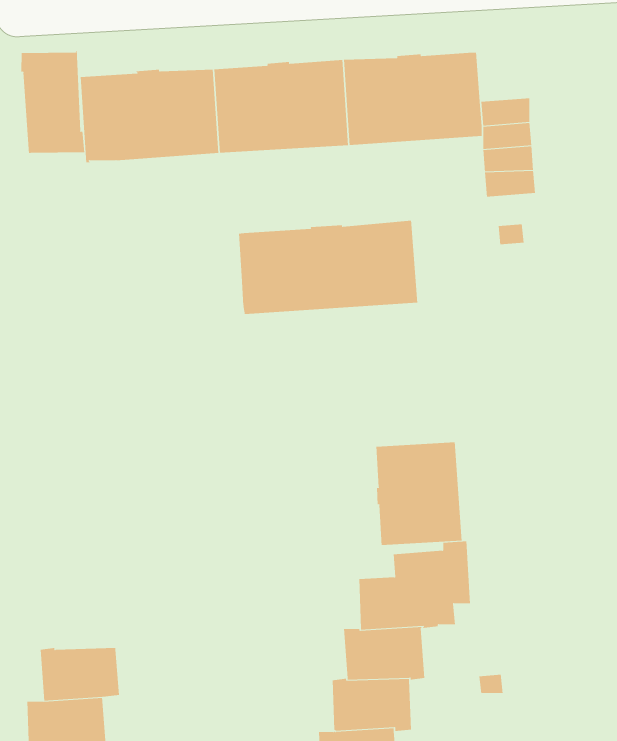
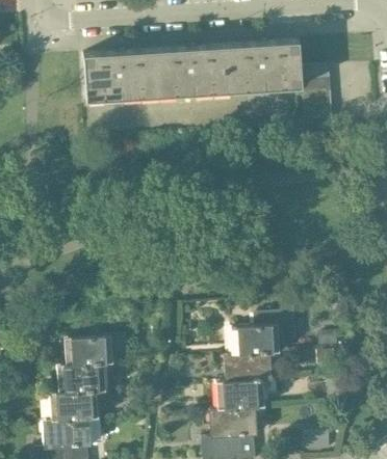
building: [21,49,85,154] -> none
building: [239,220,418,315] -> none
building: [376,442,462,546] -> none
building: none -> [70,338,113,368]

